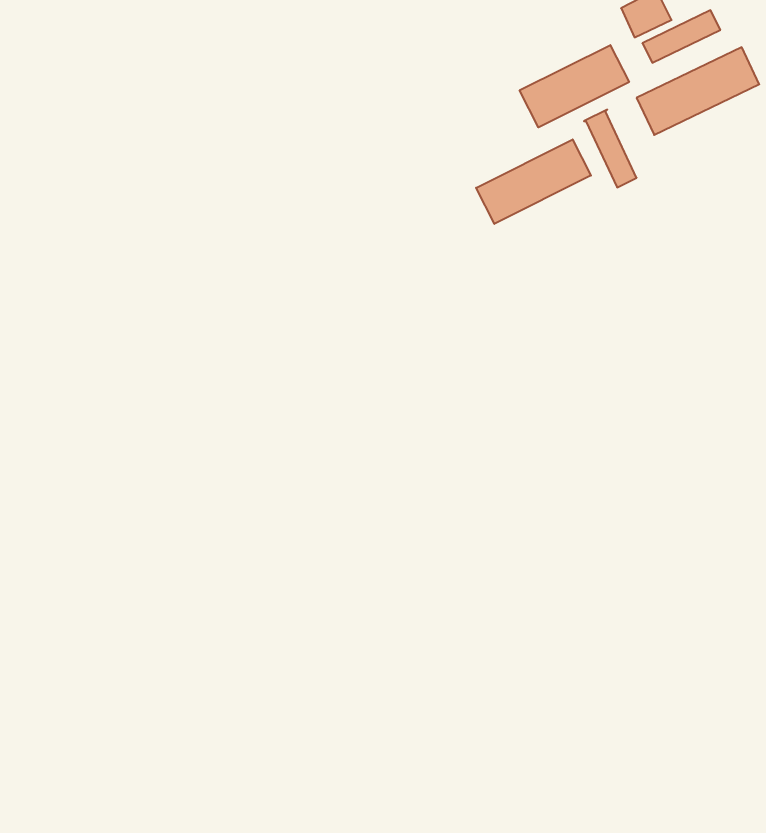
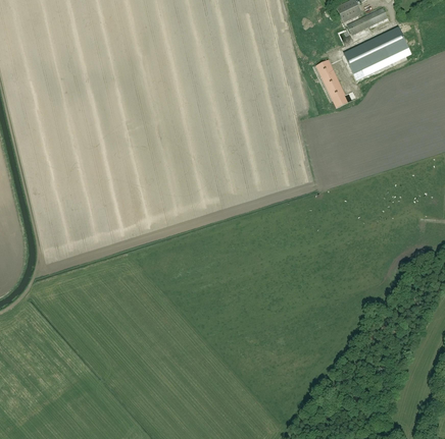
building: [520,45,629,127] -> none
building: [476,139,591,224] -> none

